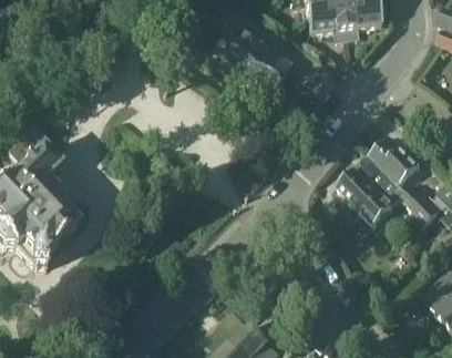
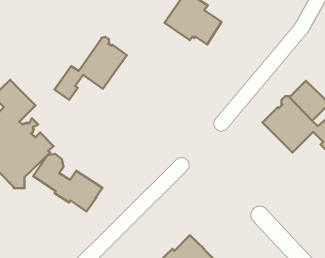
building: none -> [55,37,127,100]
building: none -> [33,154,102,211]

